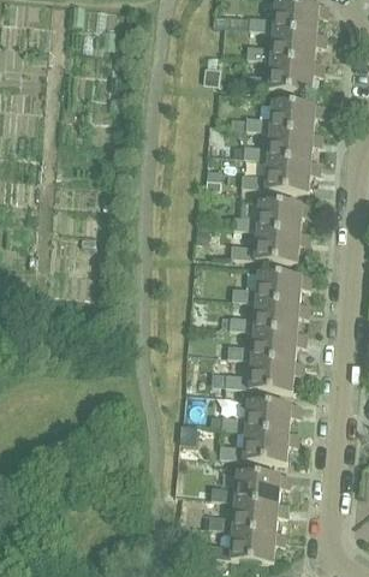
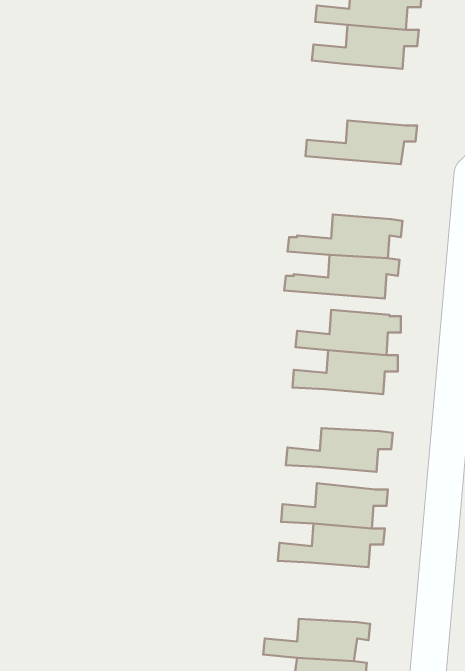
building: [239,100,323,132] -> none
building: [239,157,319,190] -> none
building: [226,328,305,359] -> none
building: [190,469,288,501] -> none

